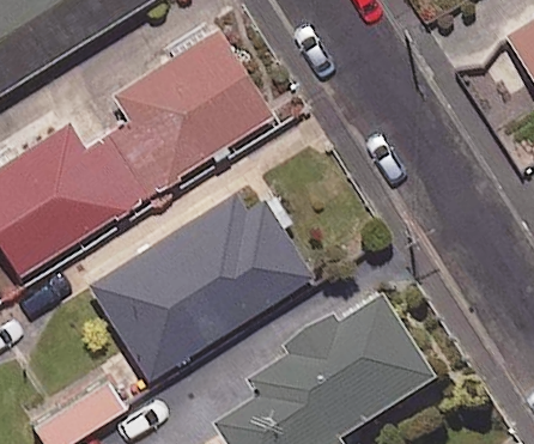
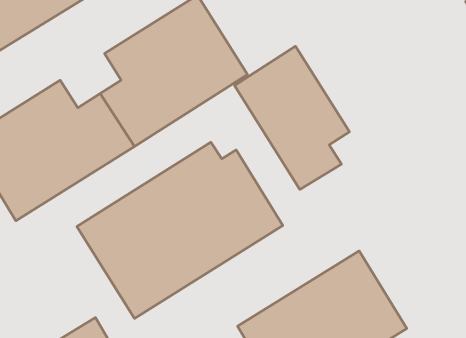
building: none -> [235,46,350,190]

